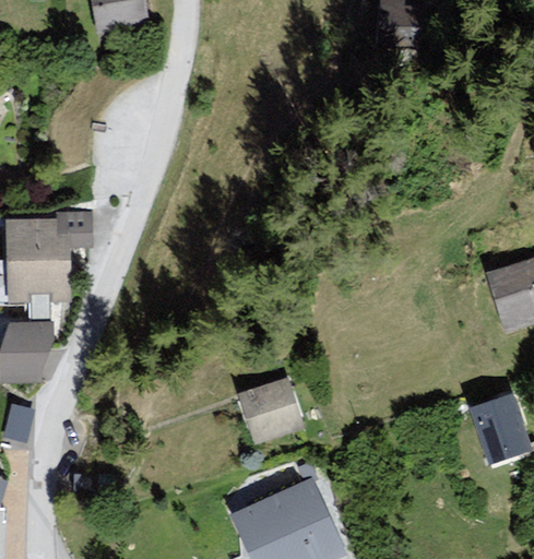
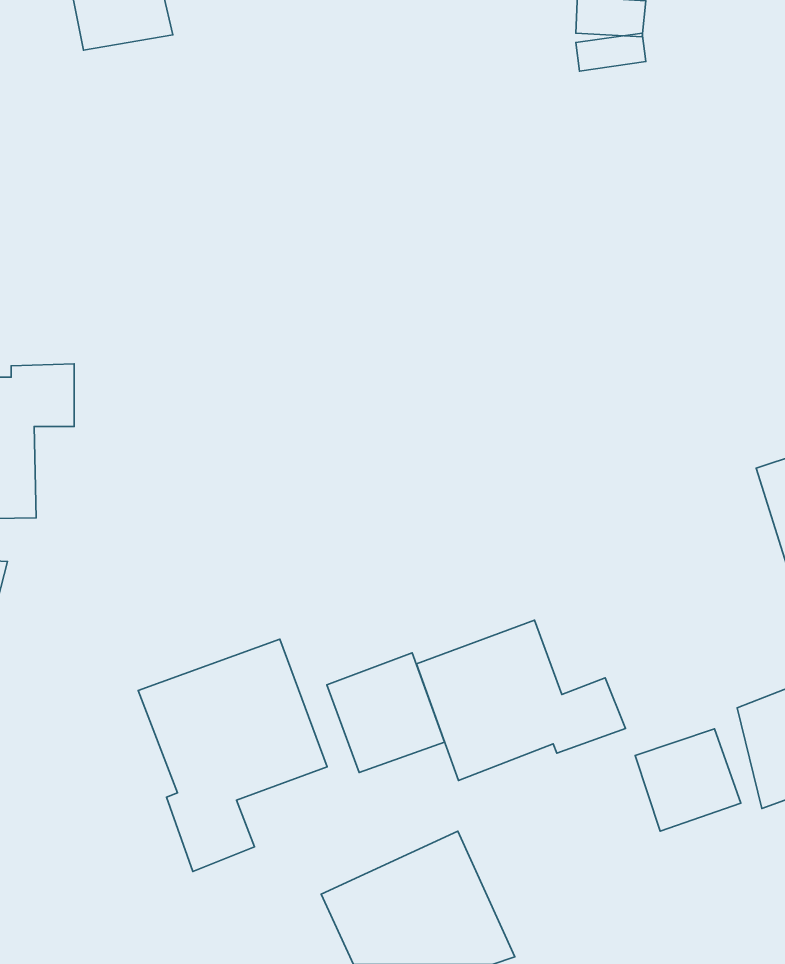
building: none -> [416,620,626,780]
building: none -> [138,639,327,871]
building: none -> [635,729,741,831]

